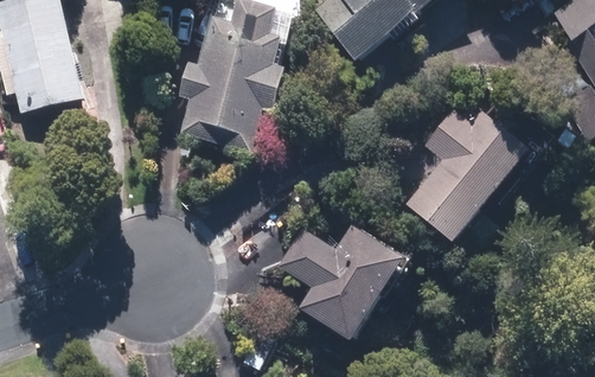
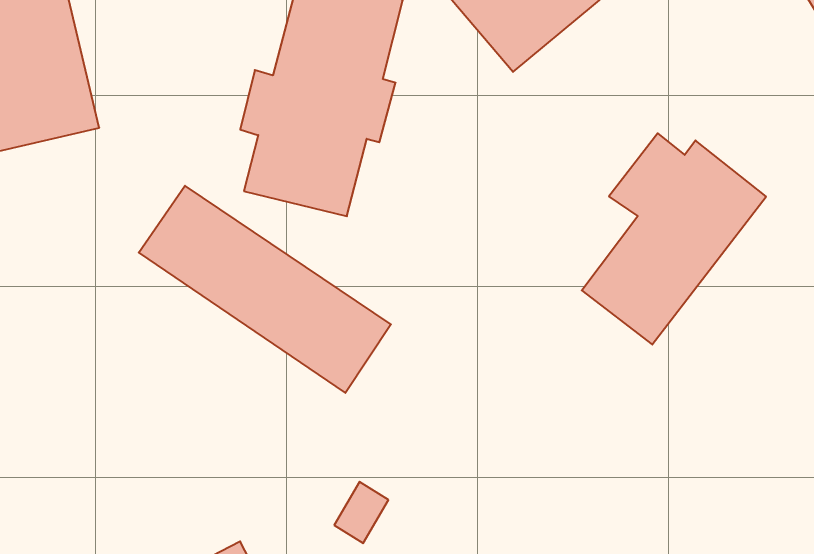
building: none -> [139,186,391,393]
building: [274,223,409,344] -> none

